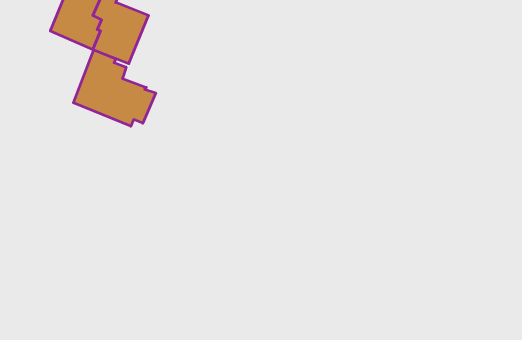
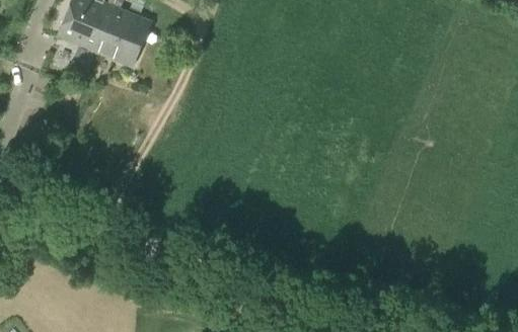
building: [73,50,156,126] -> none

